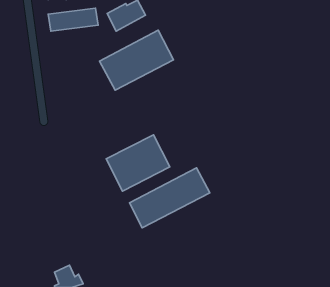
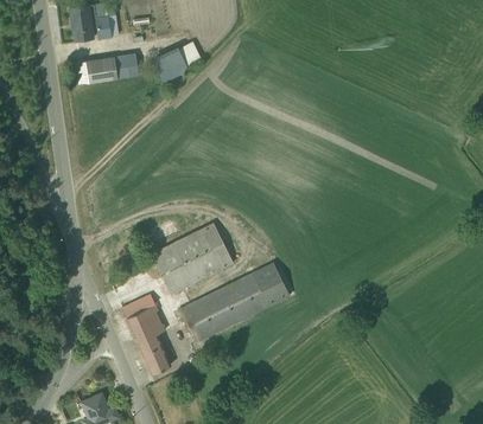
building: [100,30,173,90] -> none
building: none -> [122,296,172,374]

